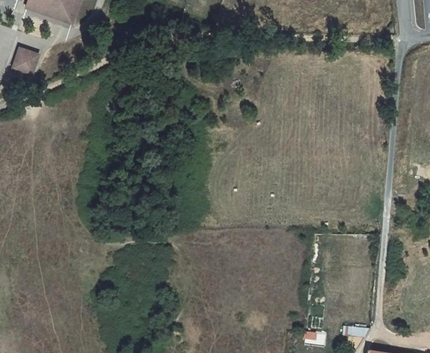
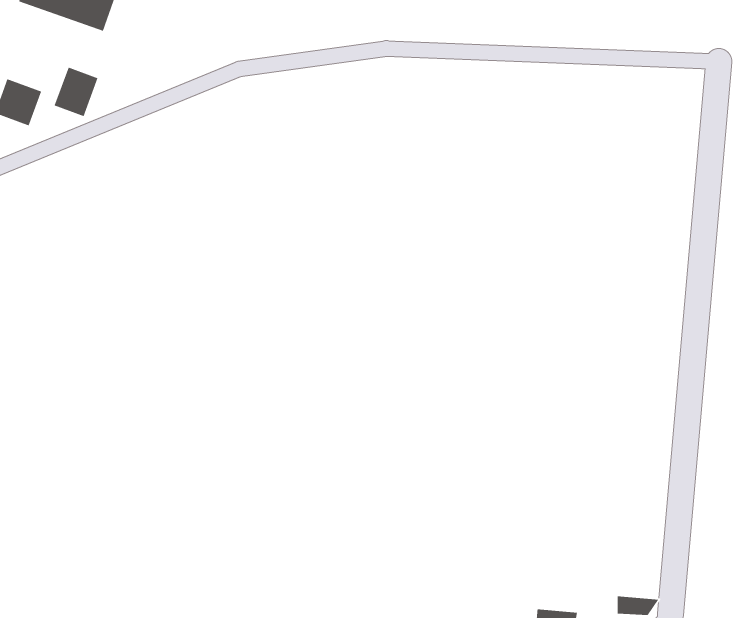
building: none -> [54,66,99,117]

